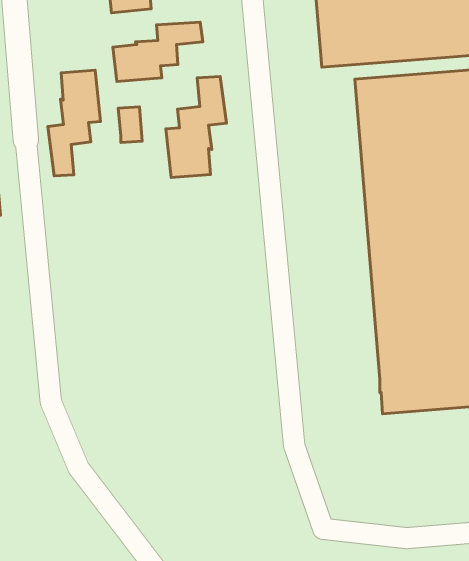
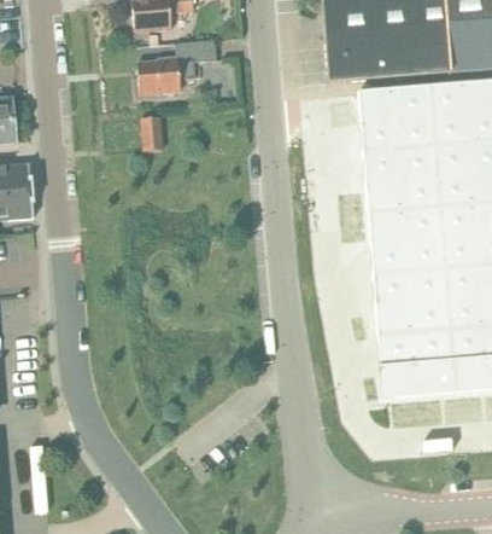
building: [48,70,100,176] -> none
building: [166,76,226,177] -> none

